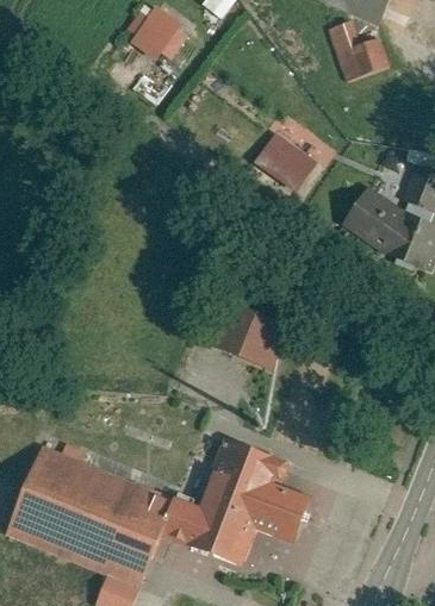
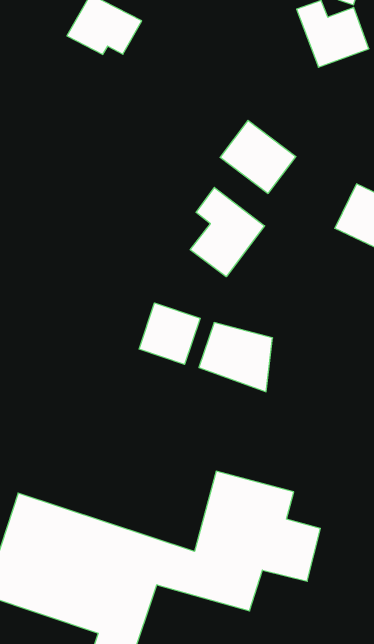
building: none -> [190,187,265,277]
building: none -> [139,303,200,364]

